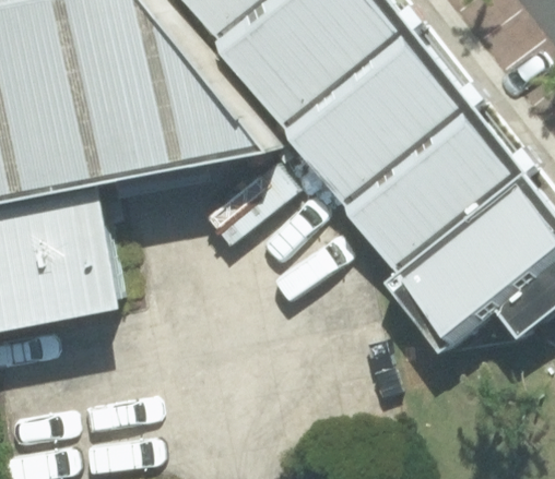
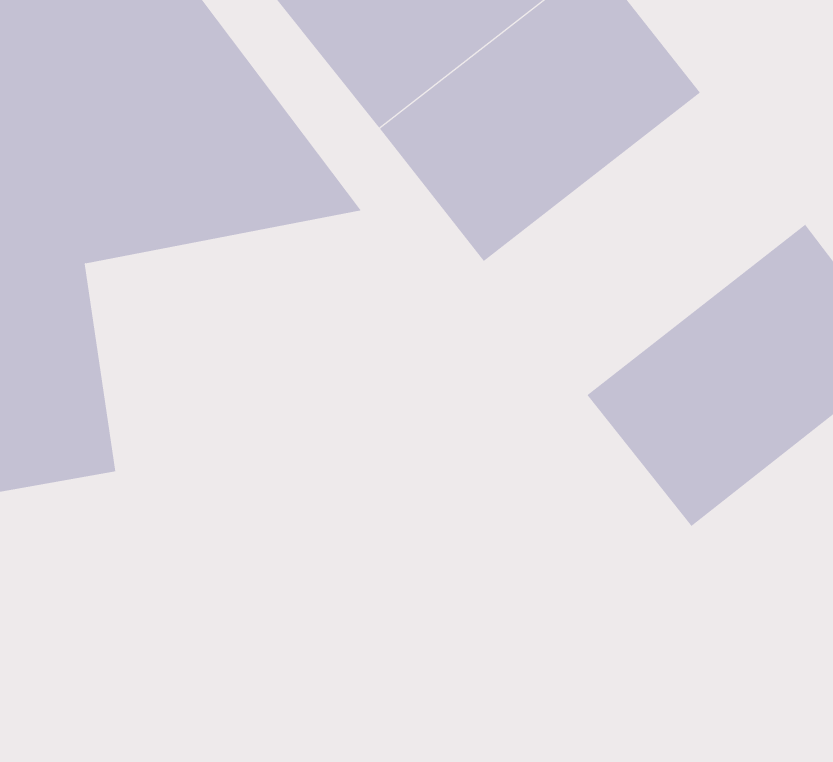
building: [327,93,511,266] -> none

